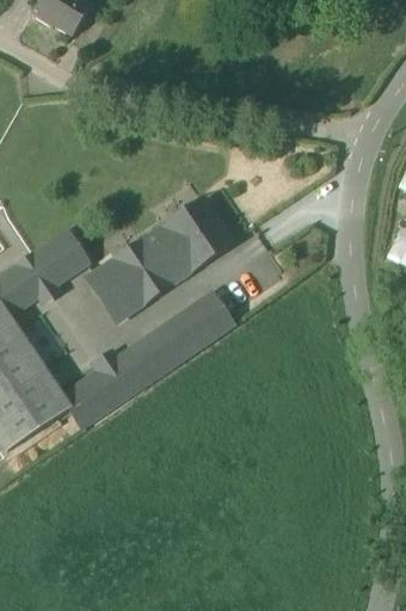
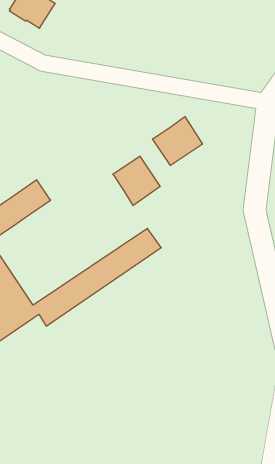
building: none -> [153,117,202,165]
building: [91,229,182,317] -> none

